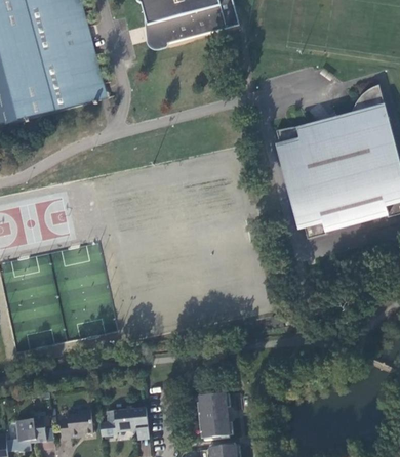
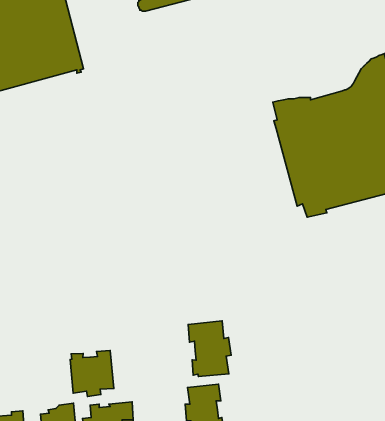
building: none -> [188,321,231,377]
building: none -> [70,351,114,396]

